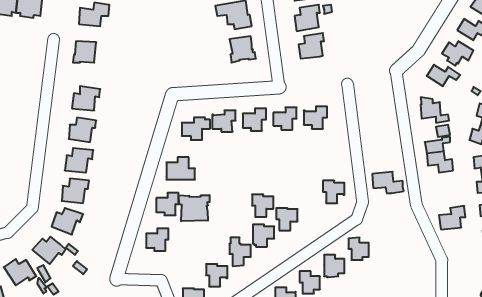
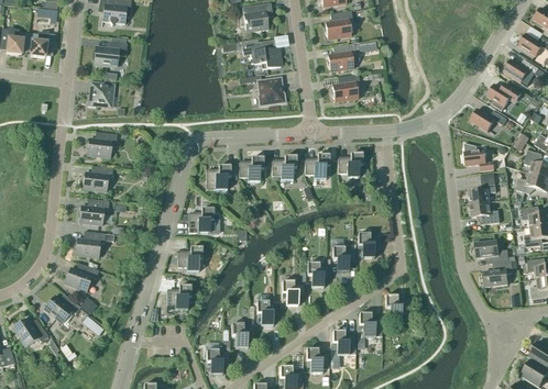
building: [372,172,404,193] -> [474,240,508,263]
building: [252,194,273,217] -> [332,246,355,270]
building: [179,195,210,221] -> none

